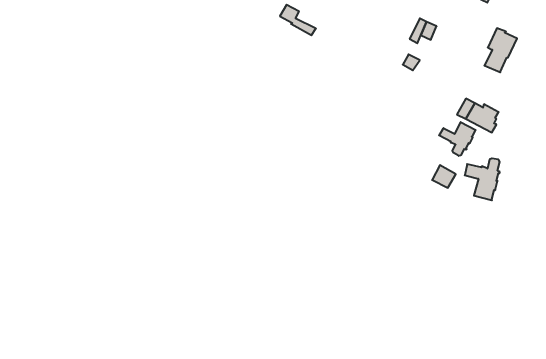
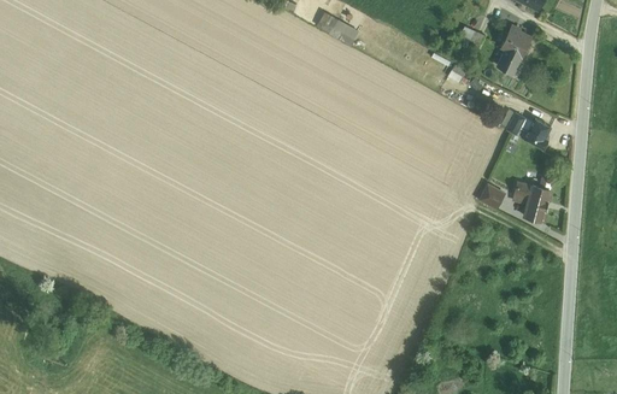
building: [484,28,517,72] -> [496,27,531,73]
building: [439,122,476,156] -> none

